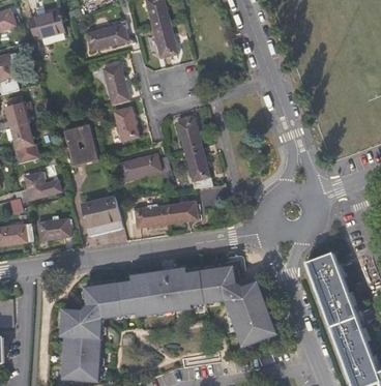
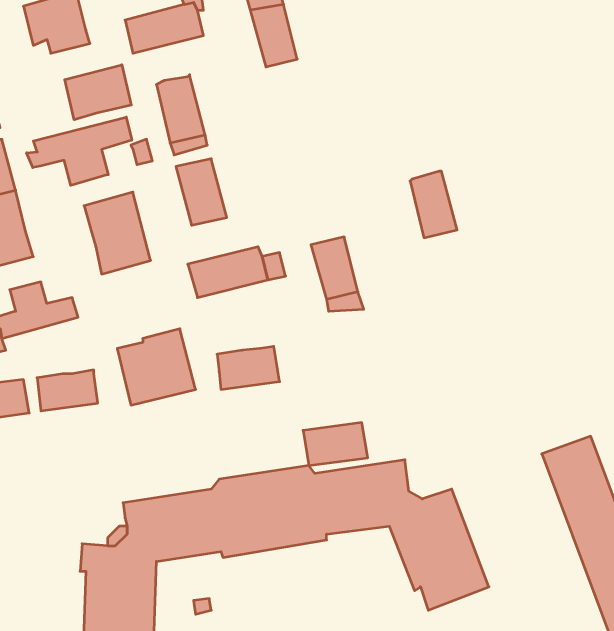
building: none -> [65,65,131,120]
building: none -> [27,117,132,185]
building: [176,116,201,151] -> [410,171,457,238]
building: [164,201,198,224] -> [303,423,368,466]

